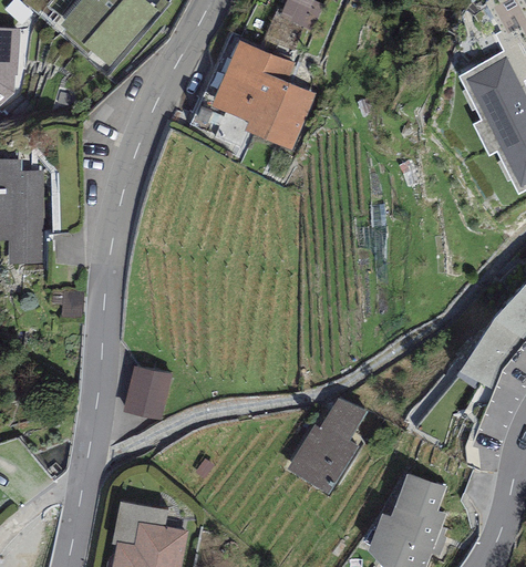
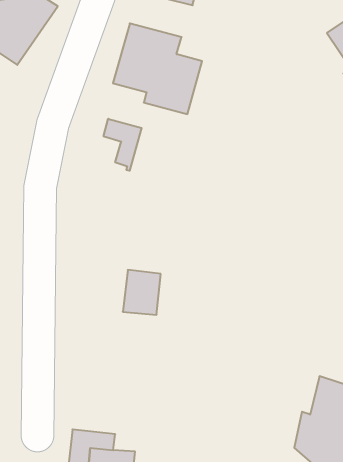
building: none -> [104,119,142,171]
building: [123,361,171,415] -> [123,270,161,315]
building: [287,391,364,489] -> none

